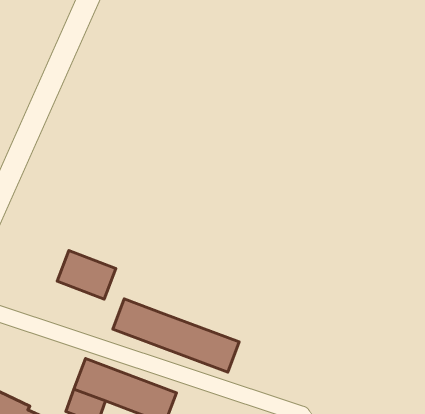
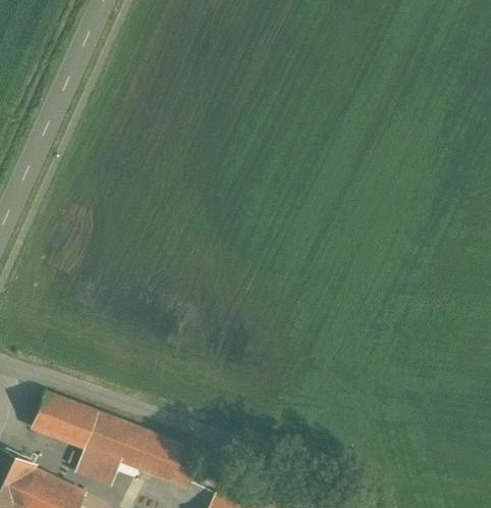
building: [57,250,116,299] -> [32,393,98,448]
building: [113,299,239,372] -> none

